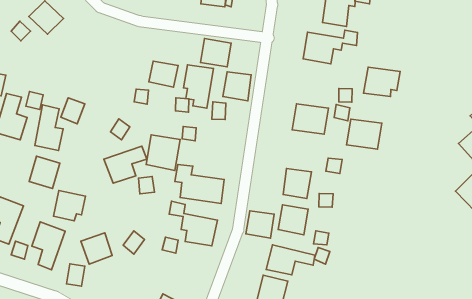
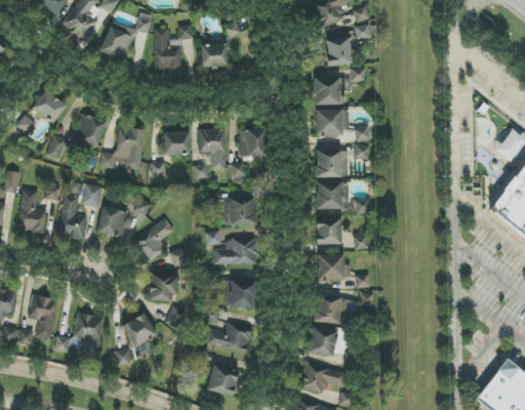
building: none -> [47,114,106,160]
building: [200,39,231,67] -> none
building: none -> [99,127,144,169]
building: [364,67,400,97] -> [316,109,349,136]
building: [346,119,382,149] -> [317,181,349,209]
building: [146,135,180,170] -> [225,194,254,226]
building: [29,156,60,188] -> [98,207,126,237]
building: [53,191,86,221] -> [150,274,178,301]
building: [246,211,274,238] -> none
building: none -> [206,323,252,353]

